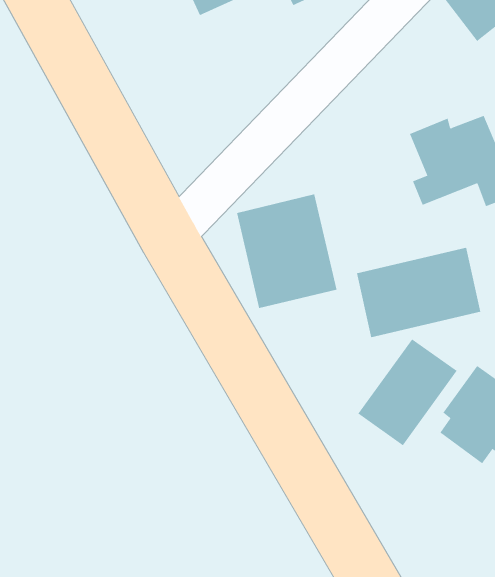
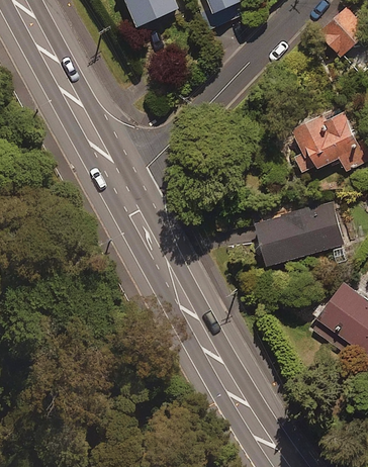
building: [236,193,337,309] -> none
building: [357,338,458,446] -> none

